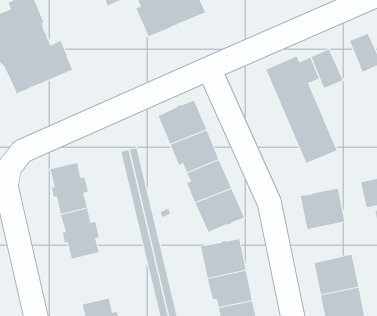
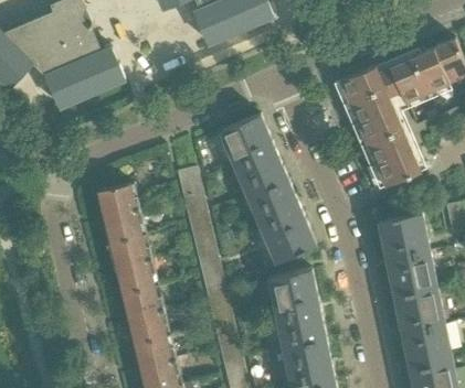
building: none -> [411,50,447,94]
building: none -> [385,251,436,298]
building: none -> [121,283,168,344]

